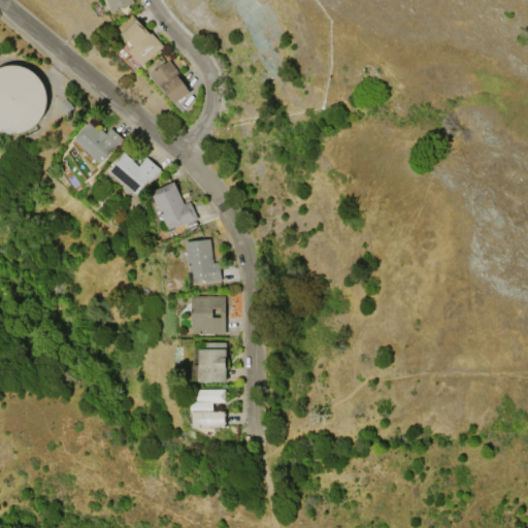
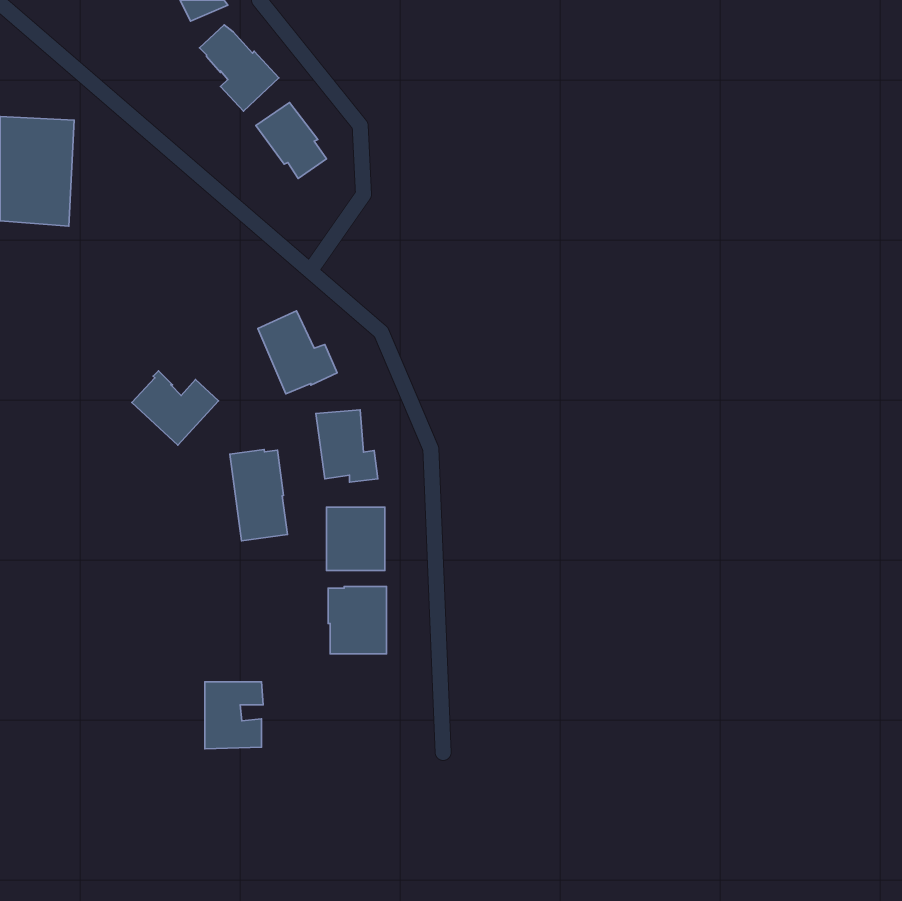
building: [73,123,123,165] -> none
building: [109,153,160,196] -> [132,371,218,445]
building: none -> [230,450,287,541]
building: [192,390,226,429] -> [205,682,263,749]

